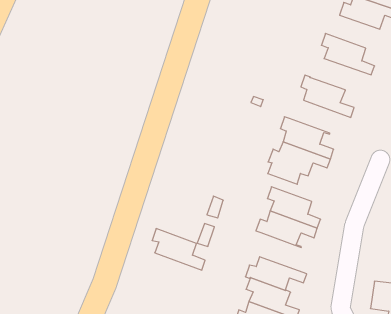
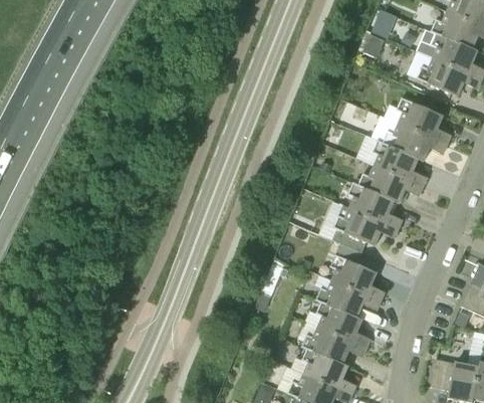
building: none -> [383,123,447,160]
building: none -> [358,165,423,201]
building: [152,229,205,270] -> [316,300,371,347]

